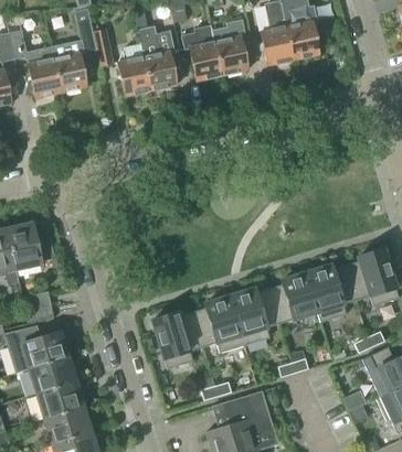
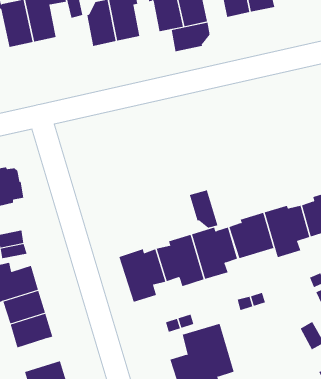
building: none -> [171,22,210,52]
building: none -> [189,189,218,229]
building: [44,405,91,442] -> none

